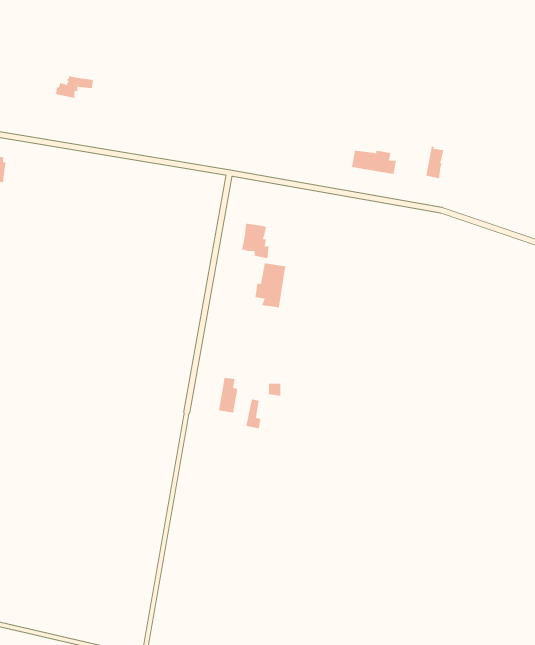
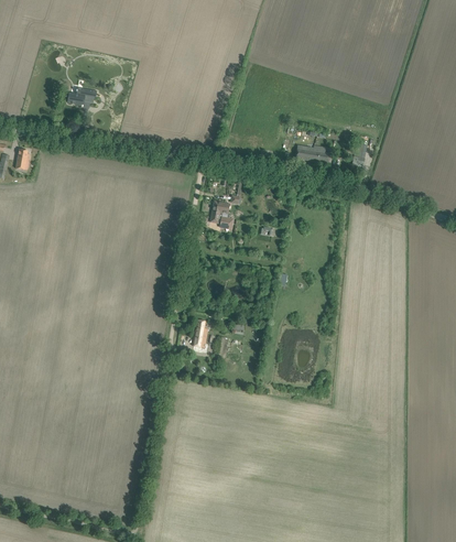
building: [255,263,286,308] -> none

